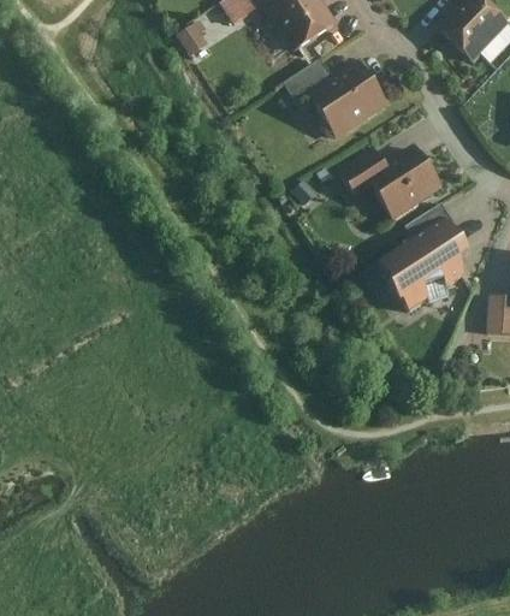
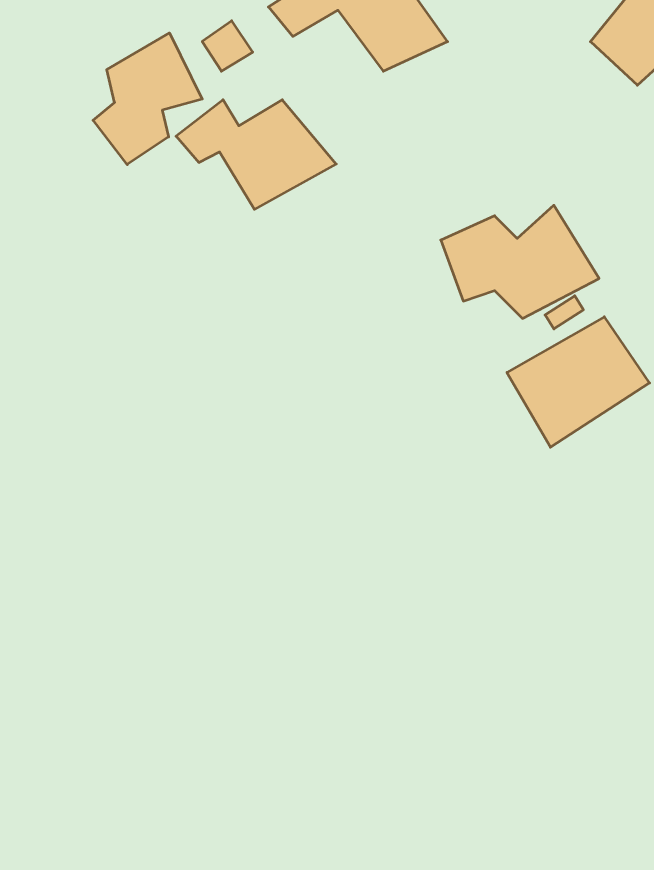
building: none -> [93,33,202,165]
building: [283,60,393,136] -> [176,100,336,209]

